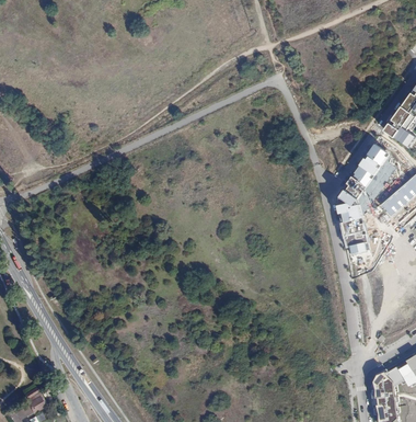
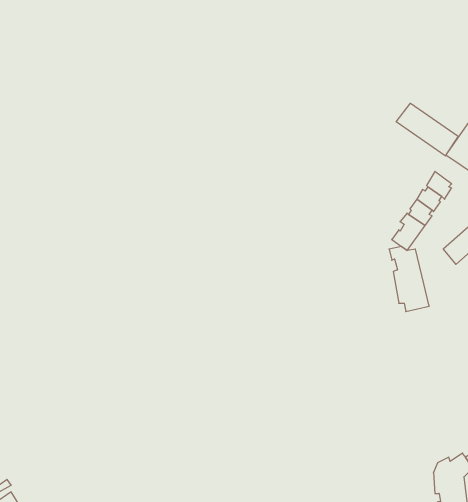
building: none -> [396,103,458,156]

